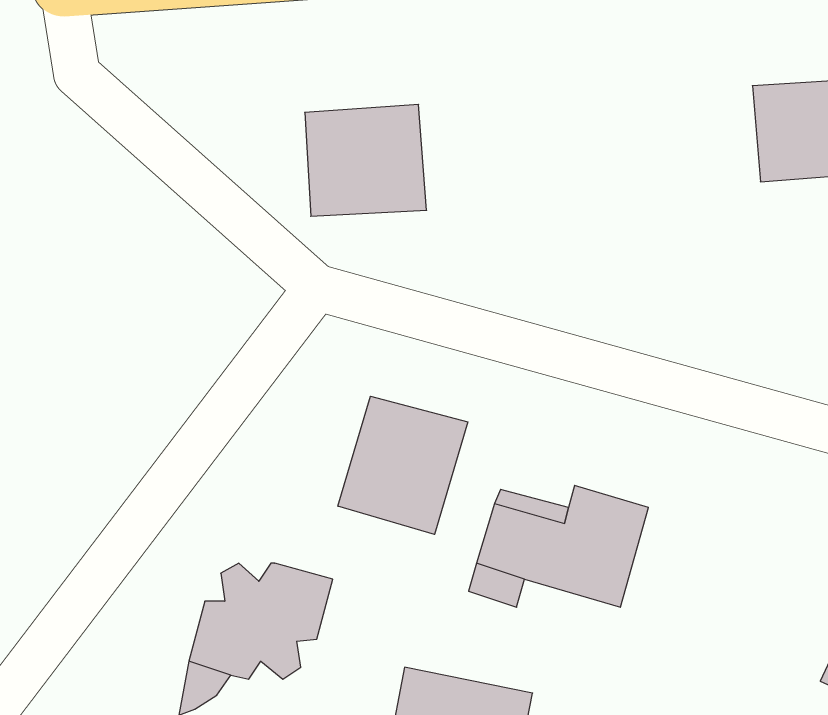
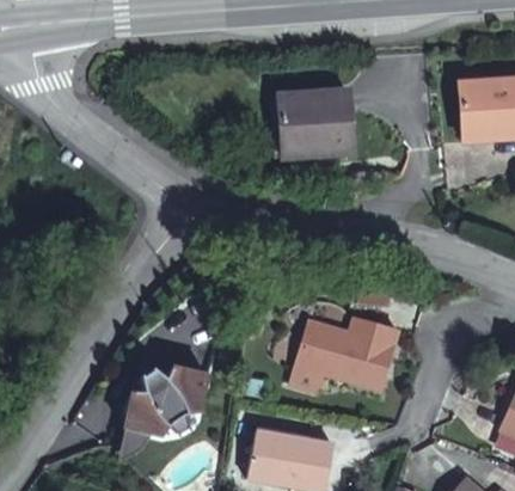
building: [305,104,427,216] -> [278,87,351,154]
building: [338,396,468,534] -> none

